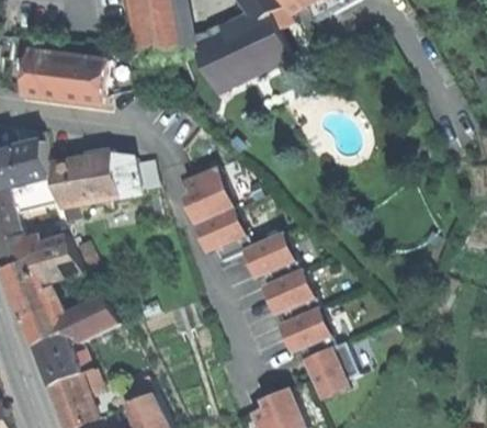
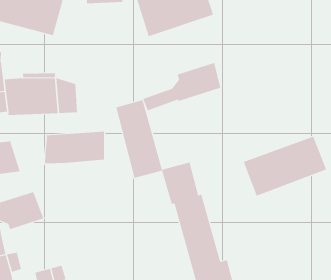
building: none -> [143,62,221,111]
building: none -> [243,136,327,196]
building: none -> [45,131,105,164]

